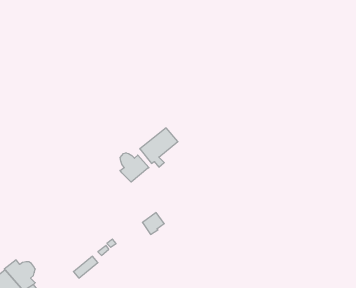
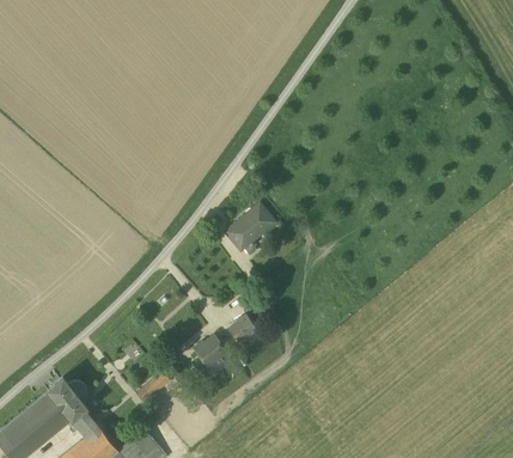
building: [120,153,149,182] -> none
building: none -> [194,337,225,368]

